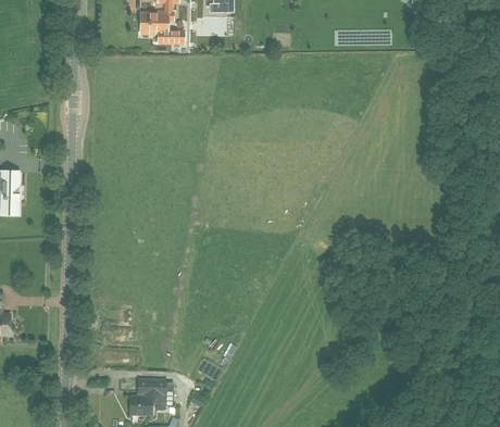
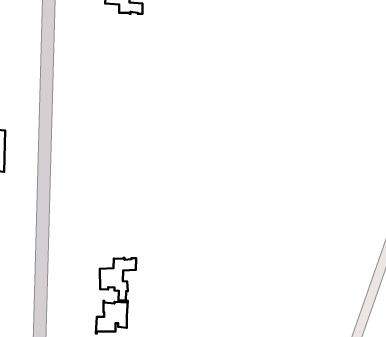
building: none -> [100,258,136,301]

